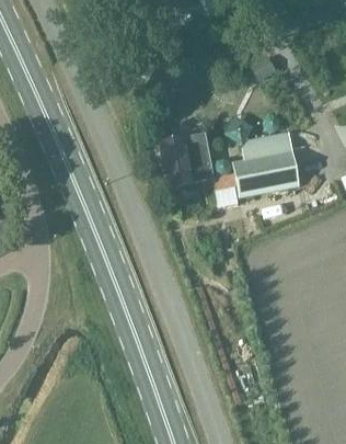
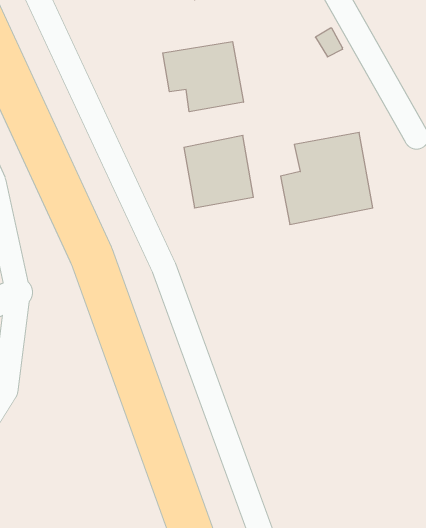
building: none -> [163,42,243,112]

